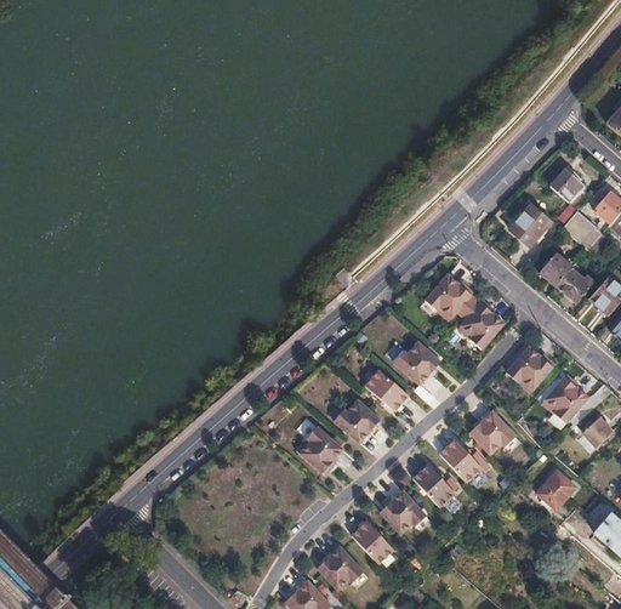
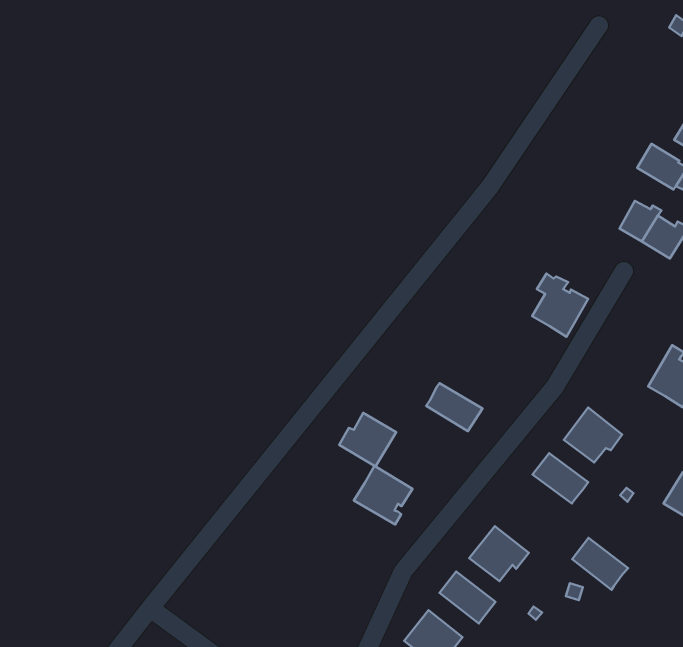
building: [549,169,581,201] -> none
building: [509,205,549,245] -> none
building: [425,272,477,319] -> none
building: [393,341,440,385] -> none
building: [506,342,554,389] -> none
building: [334,398,380,442] -> [339,413,396,467]
building: [412,462,455,506] -> [572,538,628,590]

